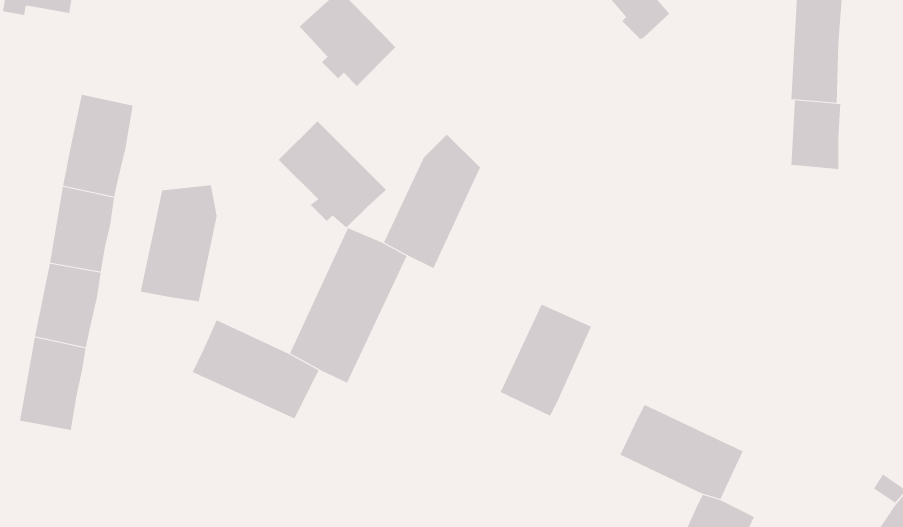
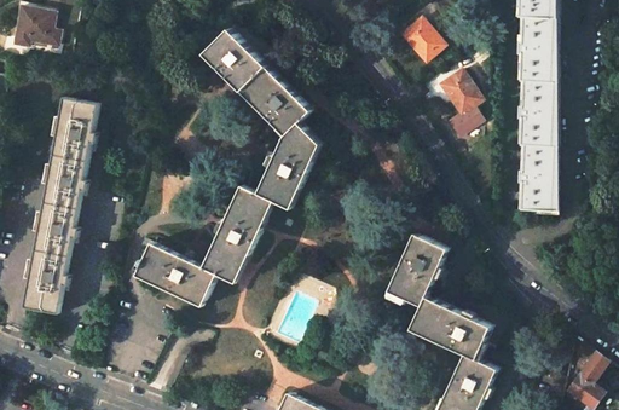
building: none -> [441,70,481,137]
building: [278,120,387,229] -> [241,67,311,137]
building: none -> [520,143,554,212]
building: [140,184,218,302] -> none
building: [500,304,592,417] -> [388,233,447,306]

